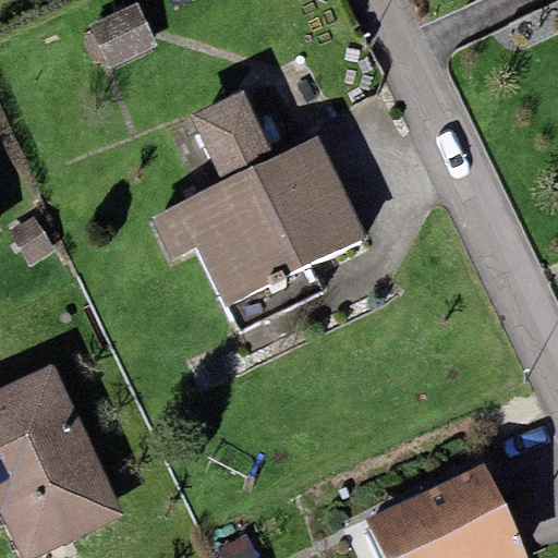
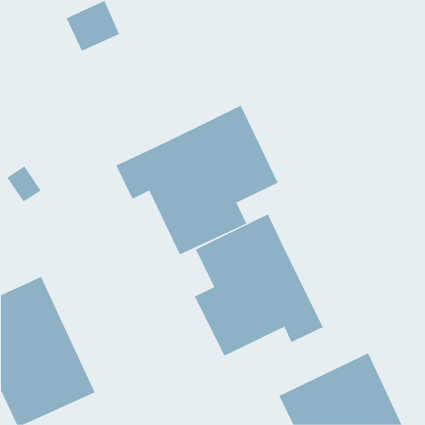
building: [191,90,275,183] -> none
building: none -> [194,213,323,357]

